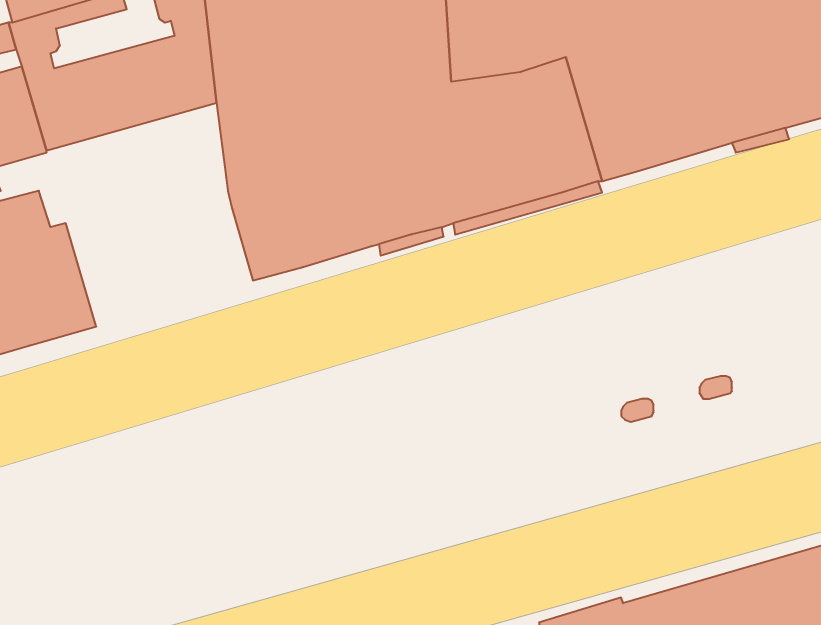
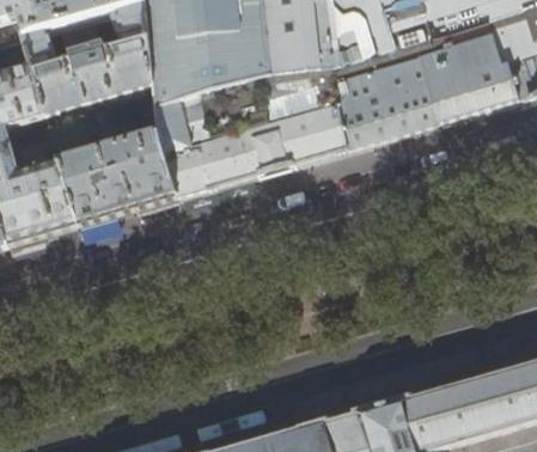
building: none -> [56,132,173,225]

